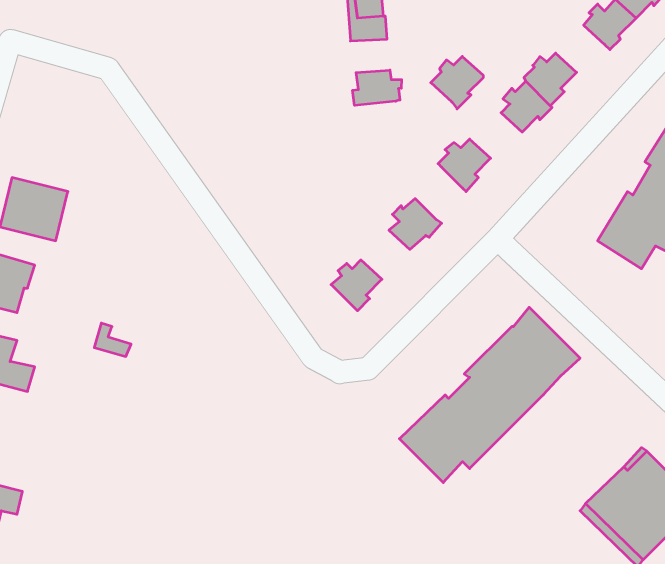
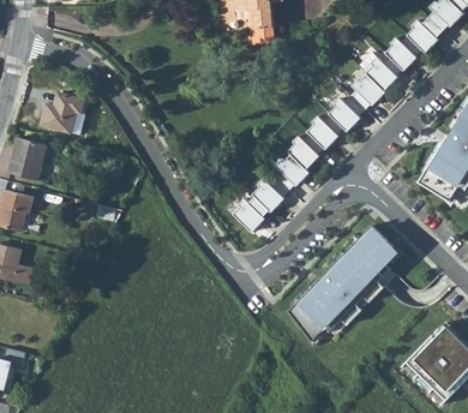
building: none -> [388,34,422,68]
building: [431,56,483,109] -> [330,94,366,130]
building: [353,70,402,105] -> none
building: none -> [42,91,85,136]
building: none -> [289,131,325,167]
building: none -> [254,174,289,210]

